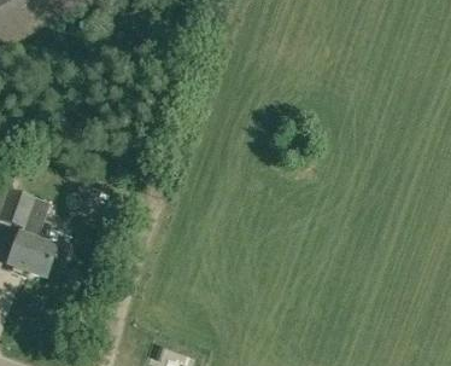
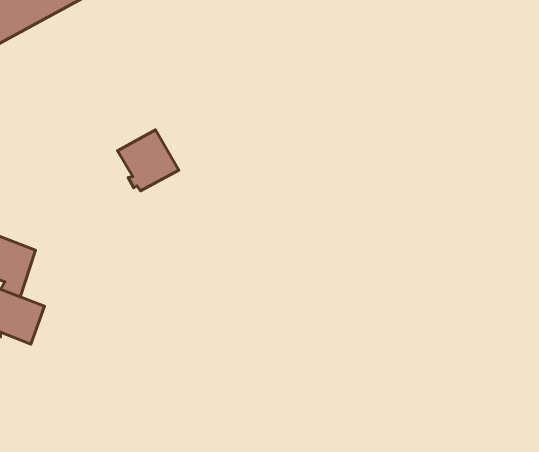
building: none -> [117,130,179,191]

